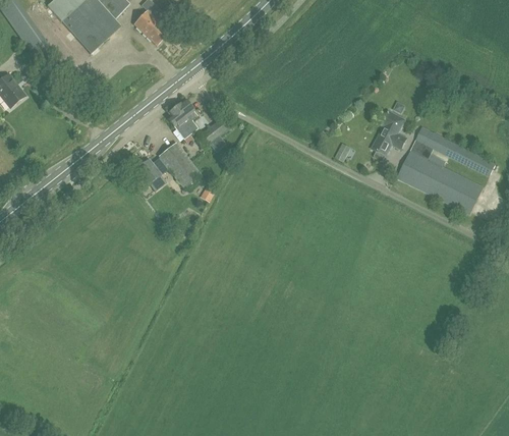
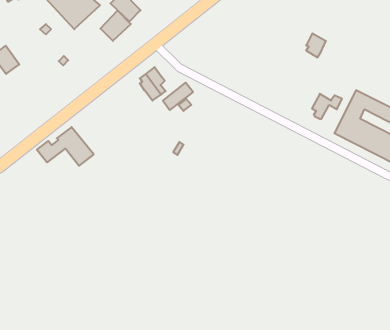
building: none -> [100,11,131,41]
building: [381,110,404,139] -> [306,33,326,57]
building: [135,143,203,188] -> [37,127,94,166]

